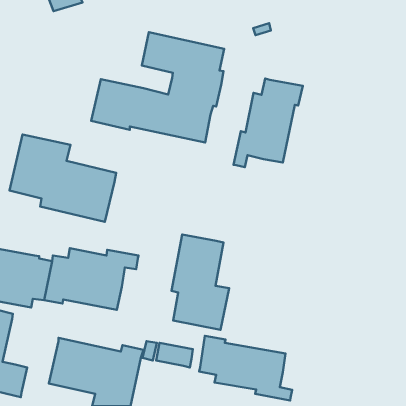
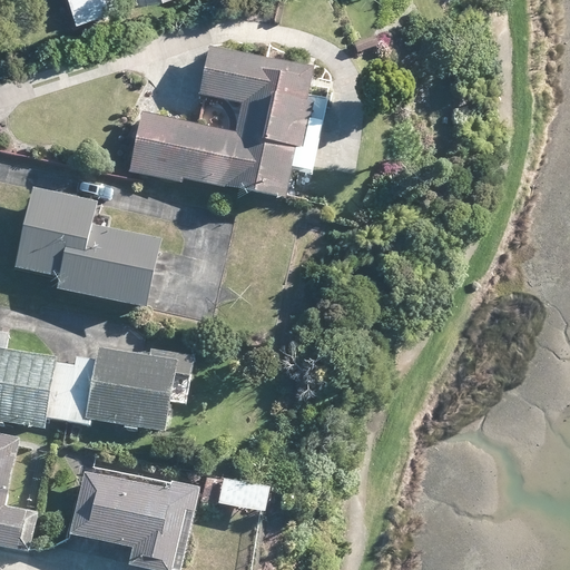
building: [233,79,303,167] -> none
building: [172,234,229,330] -> none
building: [199,336,292,401] -> none

